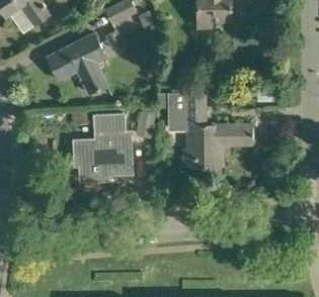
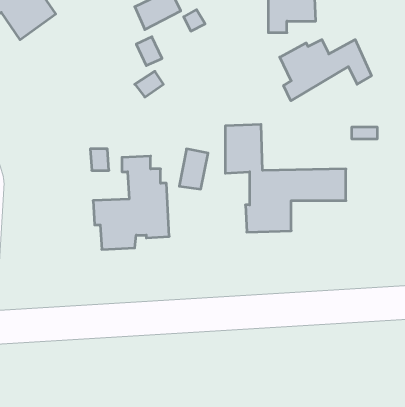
building: none -> [280,40,371,101]
building: [46,35,106,95] -> none

